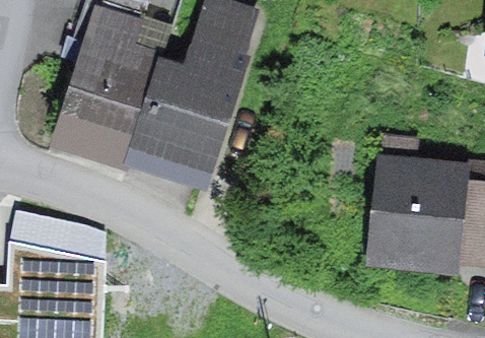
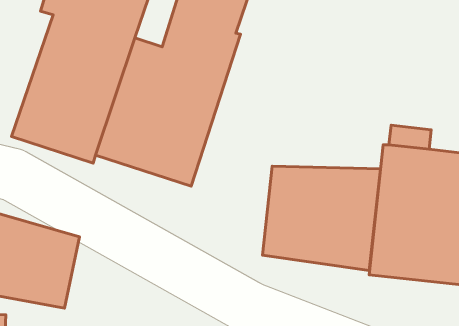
building: none -> [262,166,380,270]

